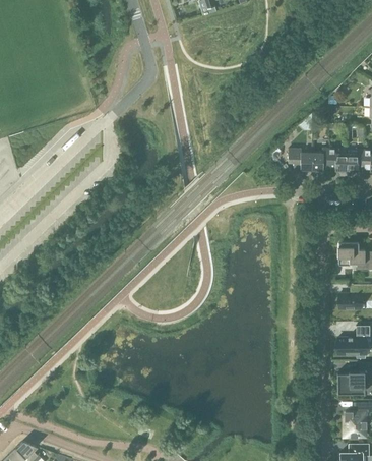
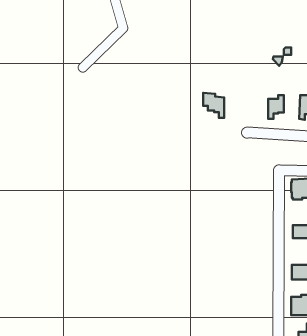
building: [289,149,312,176] -> [203,93,224,118]
building: [329,150,348,176] -> none

